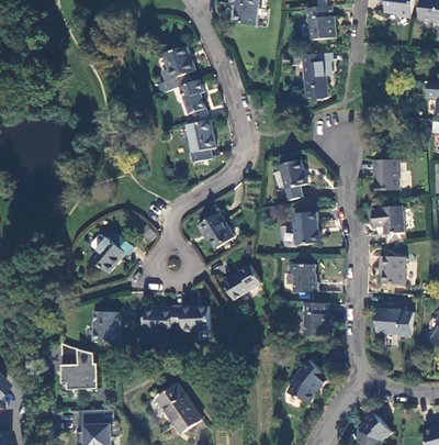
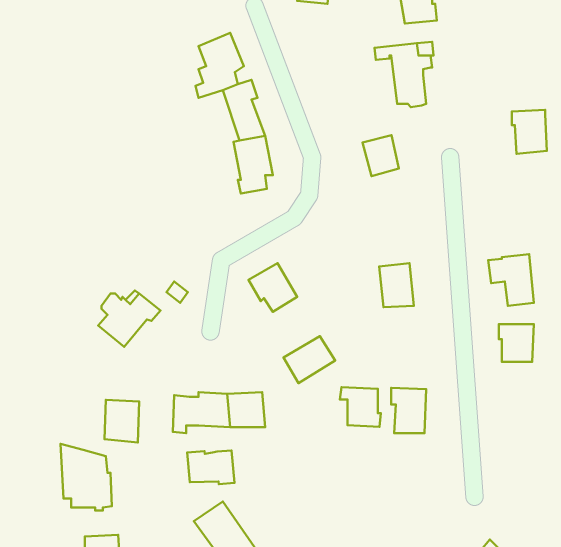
building: [280,159,306,189] -> [363,135,399,176]
building: [372,159,397,191] -> [512,110,547,154]
building: [288,264,317,292] -> [340,387,381,427]
building: [376,308,413,336] -> none
building: none -> [187,451,235,484]
building: [289,364,327,405] -> none

